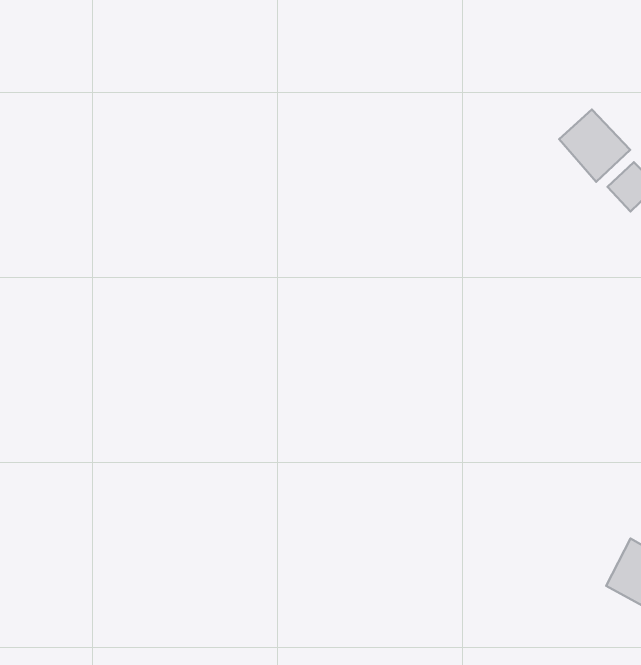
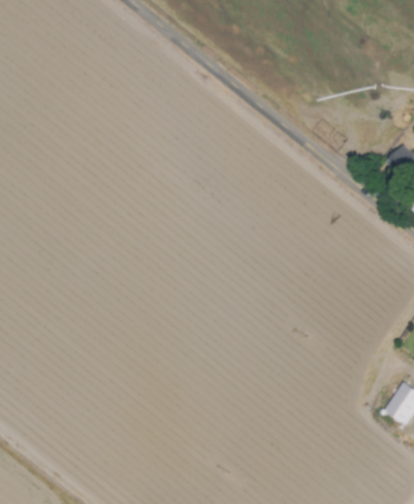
building: [559,110,630,182] -> none

